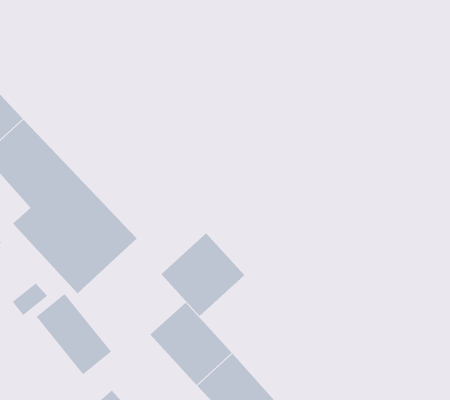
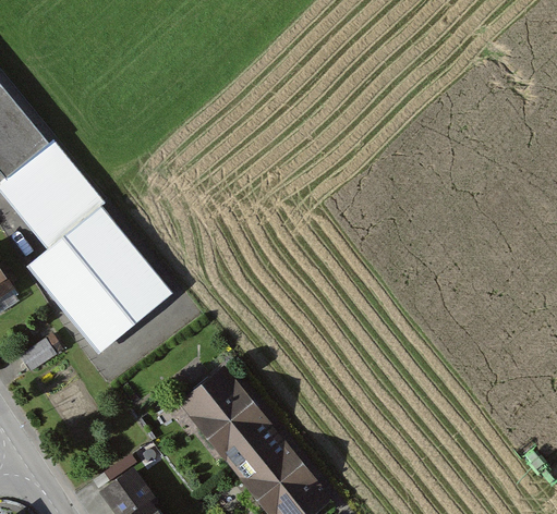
building: [160,232,245,317] -> none
building: [36,293,112,375] -> none

